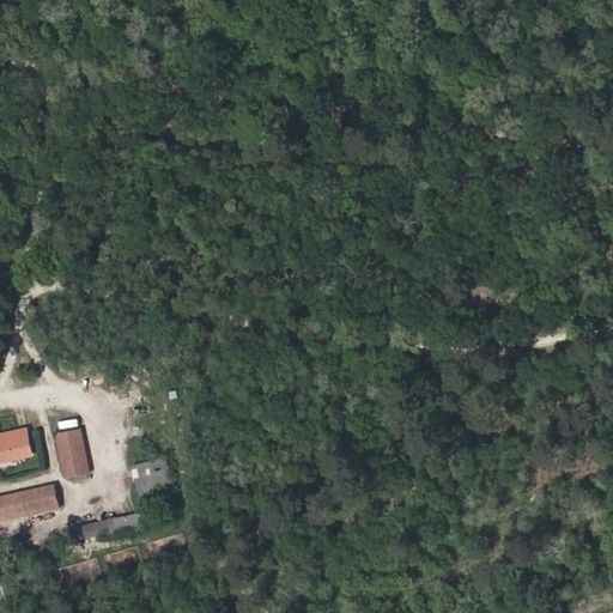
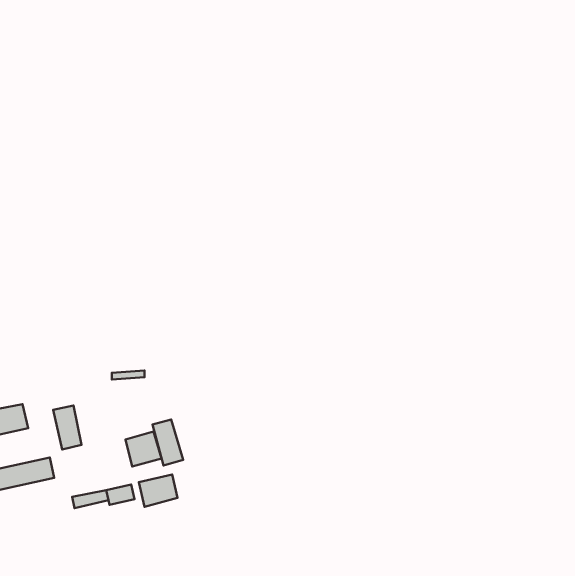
building: none -> [152,420,183,465]
building: none -> [139,475,178,507]

